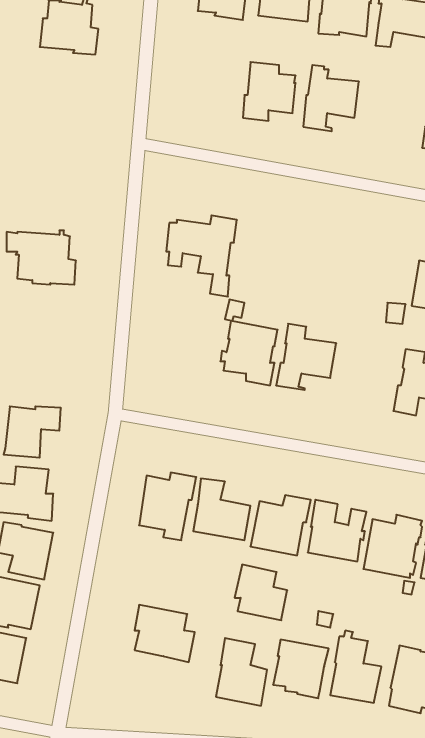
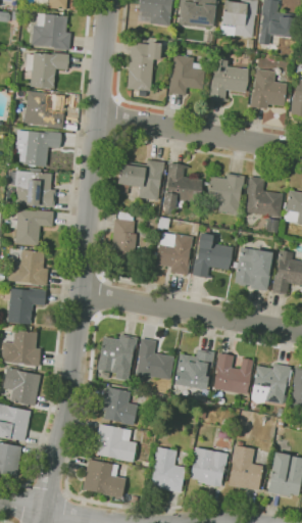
building: none -> [128,42,162,91]
building: none -> [26,53,69,89]
building: none -> [250,68,287,109]
building: none -> [24,91,64,129]
building: none -> [15,130,61,167]
building: none -> [163,163,203,215]
building: none -> [208,174,245,215]
building: none -> [246,177,283,218]
building: none -> [10,210,54,246]
building: none -> [110,211,137,268]
building: none -> [235,247,272,291]
building: none -> [9,250,49,286]
building: [235,565,287,620] -> [102,387,138,425]
building: none -> [83,460,125,498]

